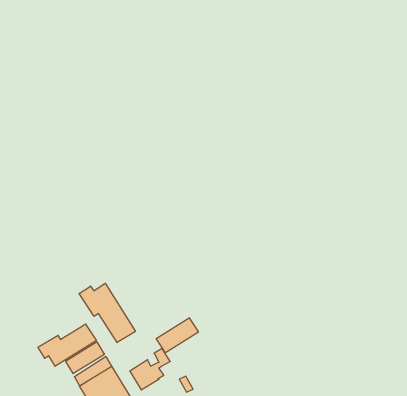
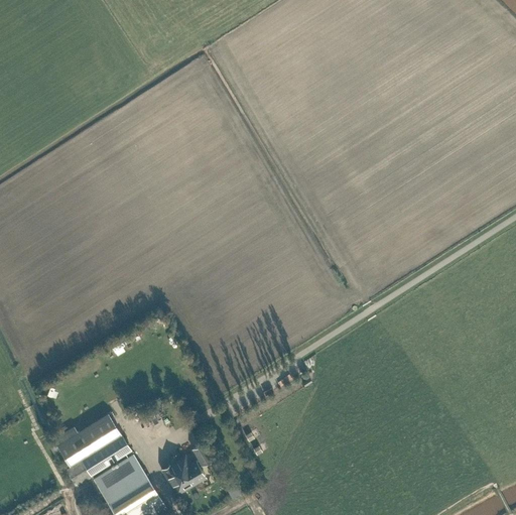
building: [79,283,135,343] -> none
building: [156,318,198,353] -> none

